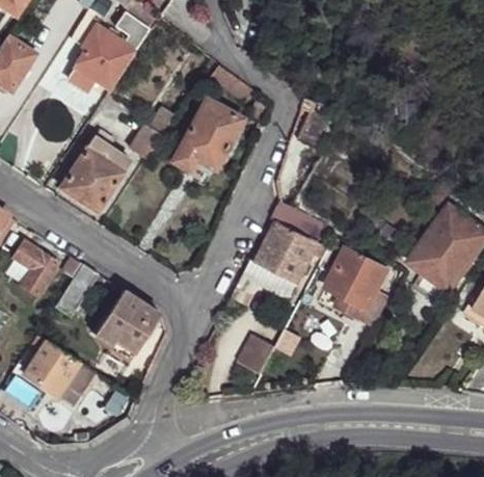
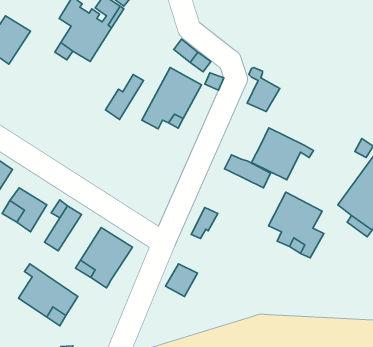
building: [59,129,130,211] -> none
building: [254,220,329,283] -> [251,128,314,180]
building: [237,335,275,374] -> [166,264,198,297]

